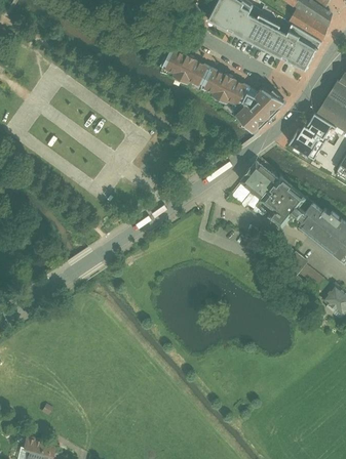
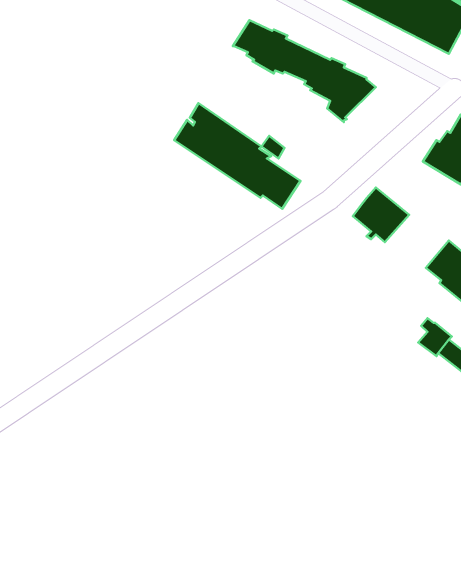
building: [236,87,286,133] -> none
building: none -> [174,103,300,209]
building: [254,176,306,224] -> none

